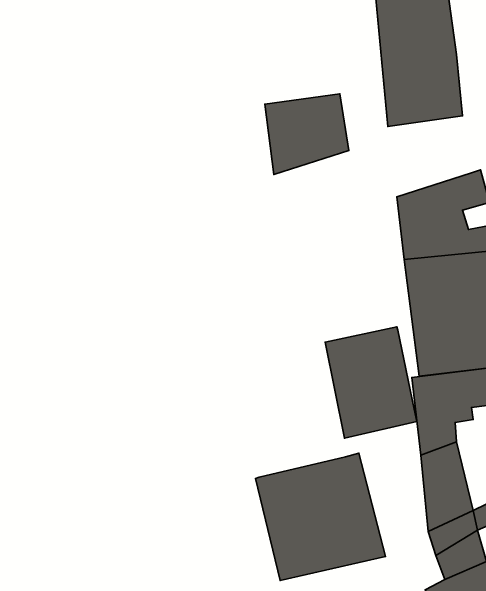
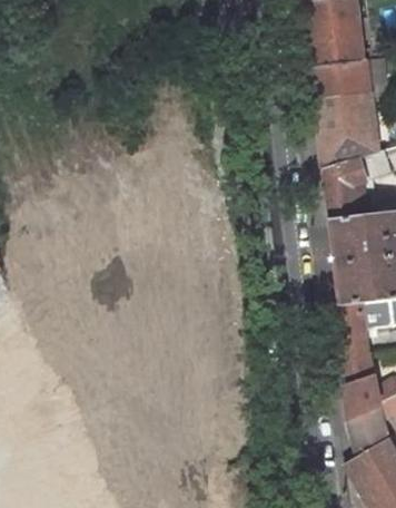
building: [265,94,349,174] -> [317,111,379,172]
building: [325,327,417,438] -> none
building: [255,453,386,581] -> none

